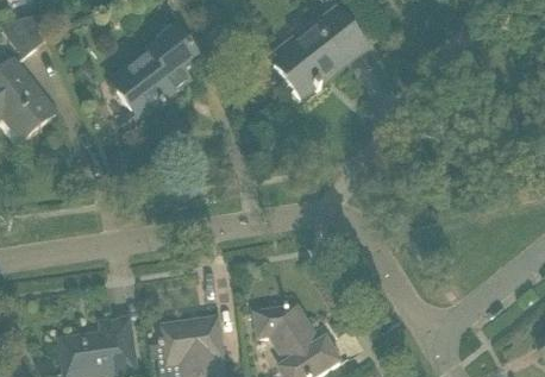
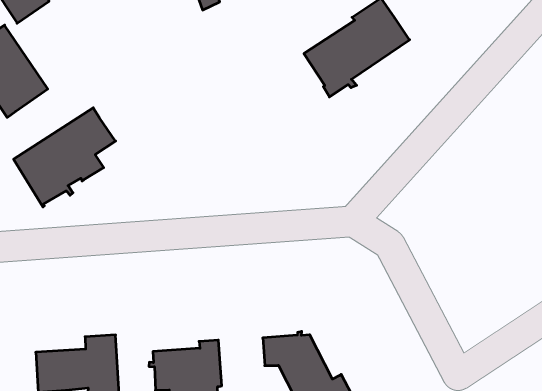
building: [109,30,196,119] -> [14,108,116,207]

